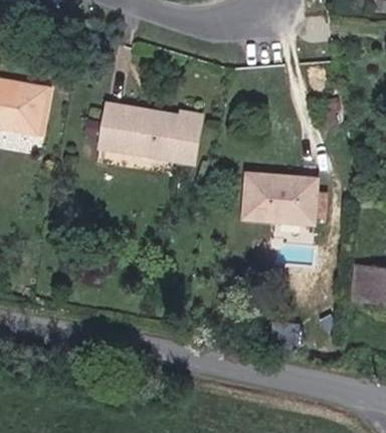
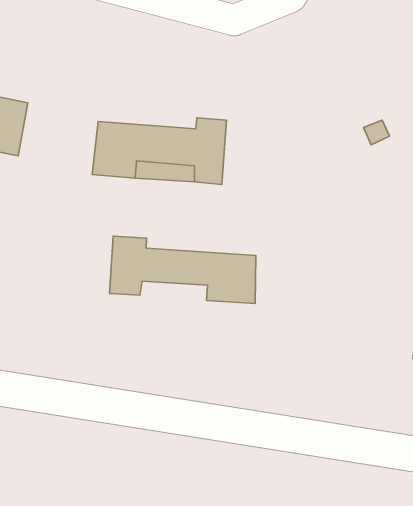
building: [252,172,322,227] -> none
building: none -> [109,236,256,303]

